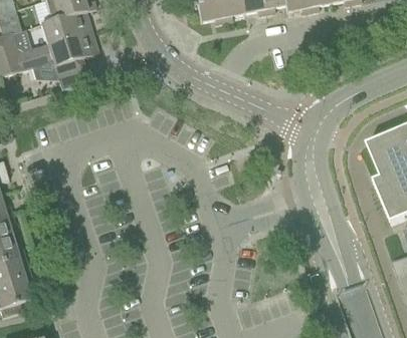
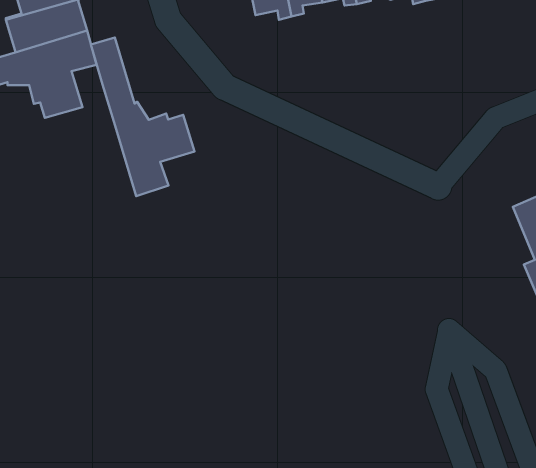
building: none -> [91,38,194,196]

